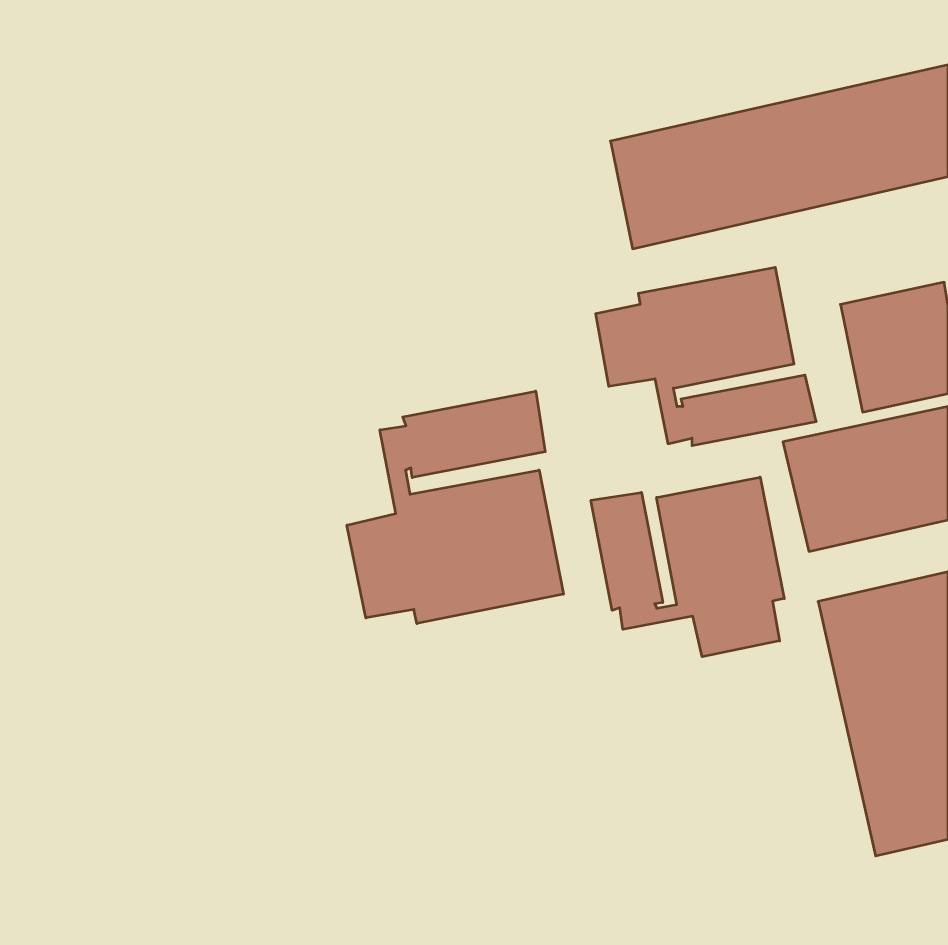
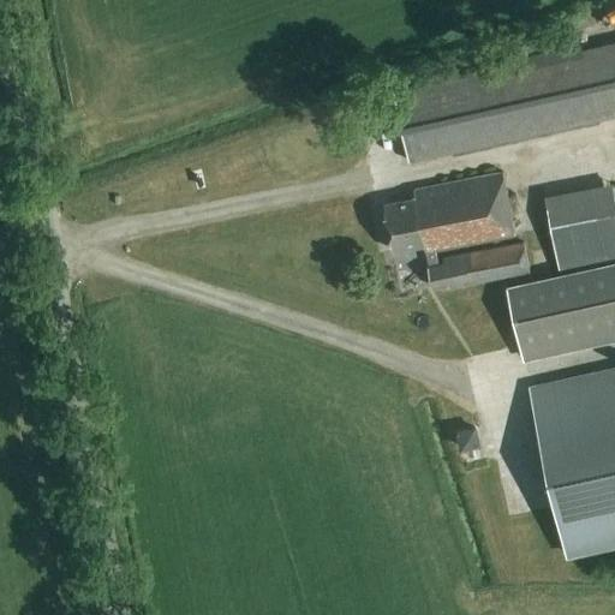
building: [347,391,563,624] -> none
building: [591,477,784,657] -> none

